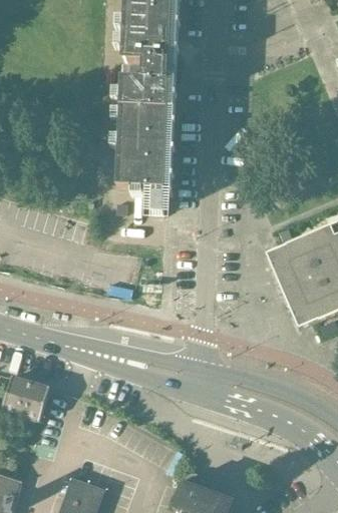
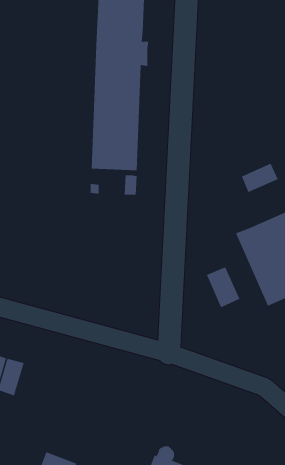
building: none -> [241,163,279,193]
building: none -> [206,266,240,308]

